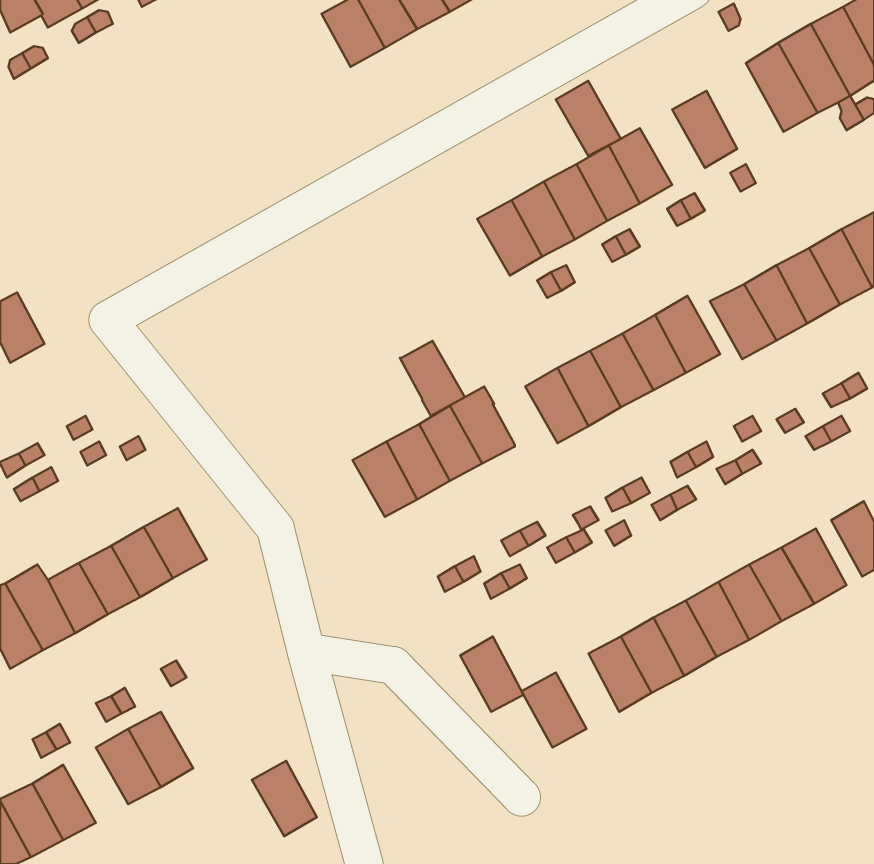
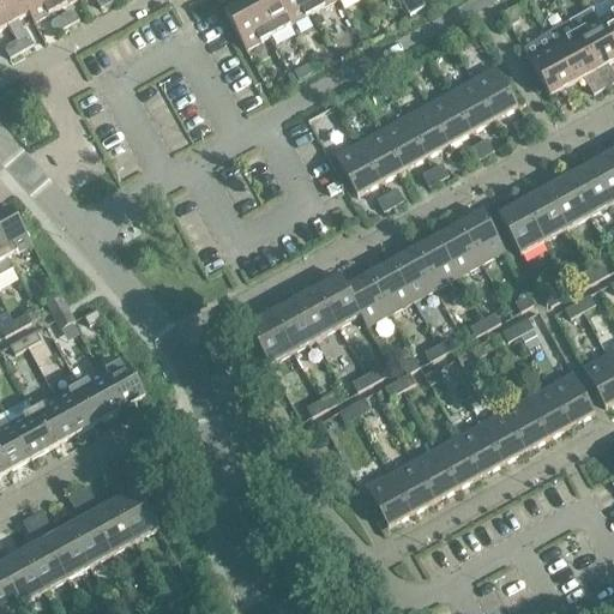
building: [556,81,621,156] -> [449,77,494,130]
building: [400,341,465,416] -> [345,271,391,324]
building: [460,637,524,712] -> [390,458,434,511]
building: none -> [44,524,90,577]
building: [252,761,317,836] -> [113,486,158,538]

